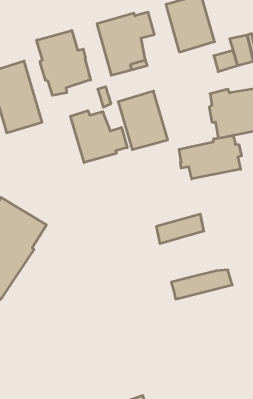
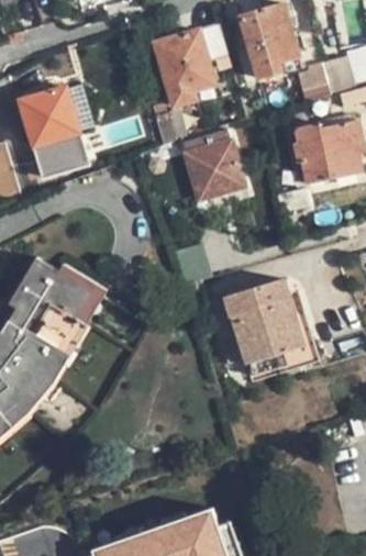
building: [37,30,91,95] -> none
building: [71,111,127,163] -> none
building: [179,136,241,179] -> none
building: none -> [233,300,303,364]

